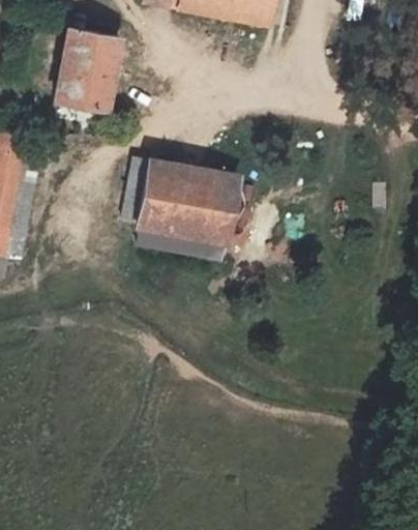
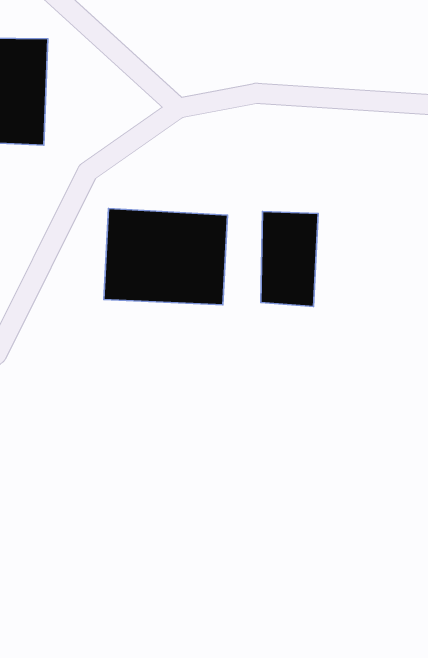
building: none -> [261,211,318,306]

